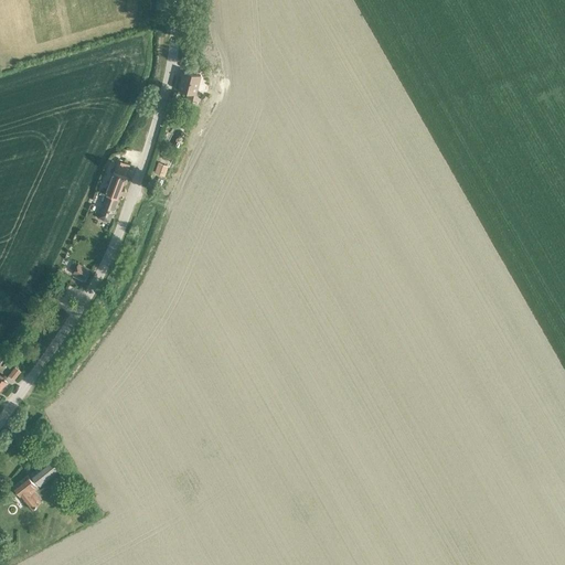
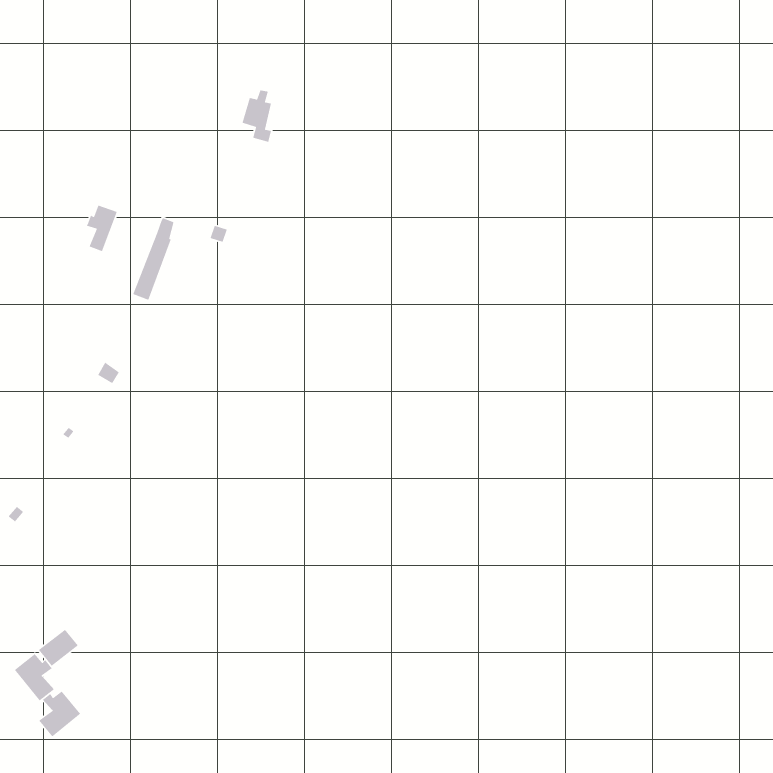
building: none -> [86,205,118,252]
building: none -> [38,690,81,737]

